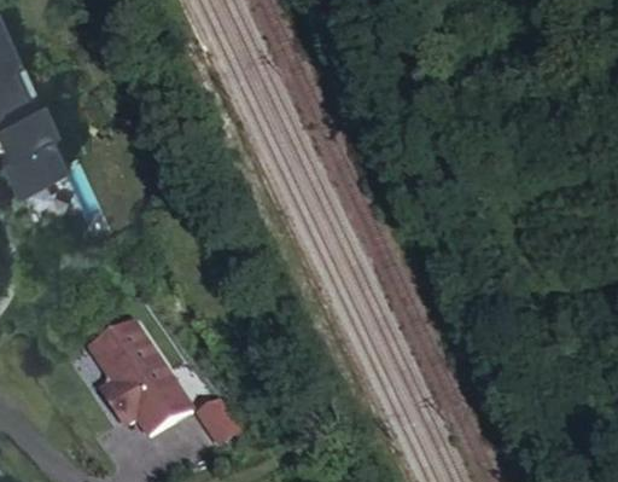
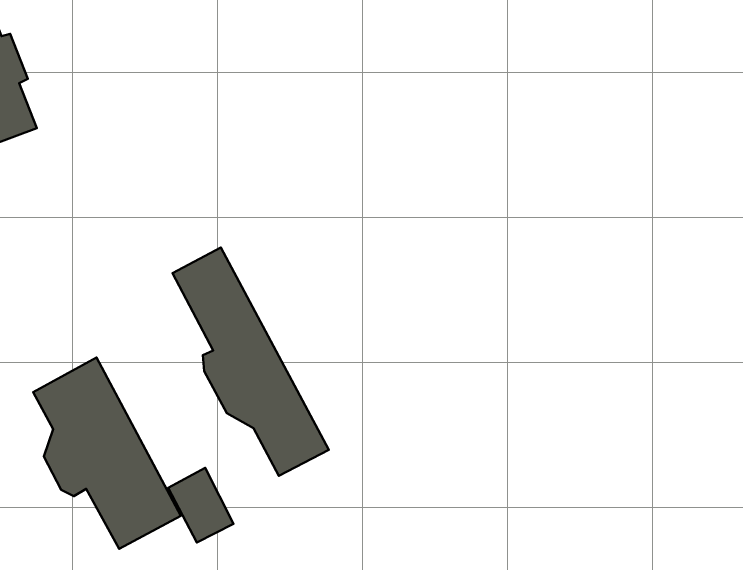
building: none -> [173,247,329,476]

